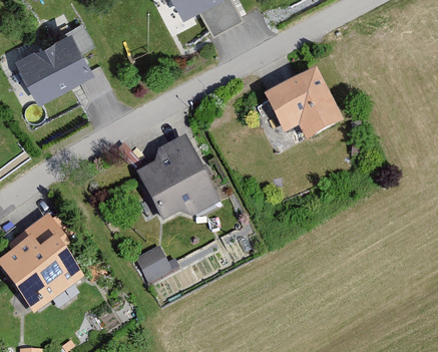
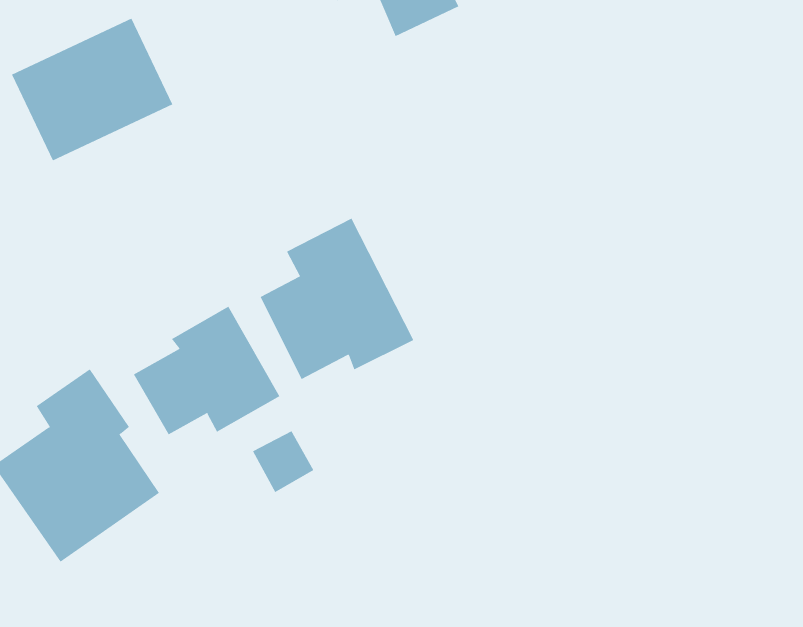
building: [264,68,346,142] -> none
building: none -> [133,306,280,435]

